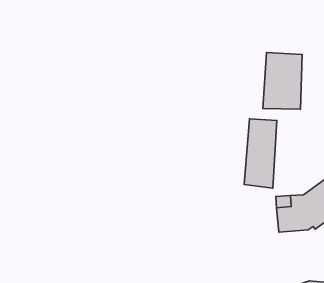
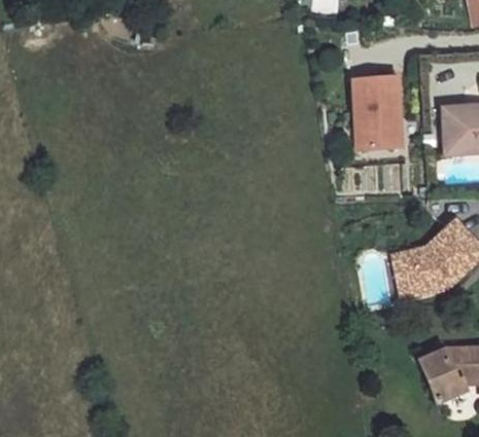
building: [244,119,277,188] -> none

